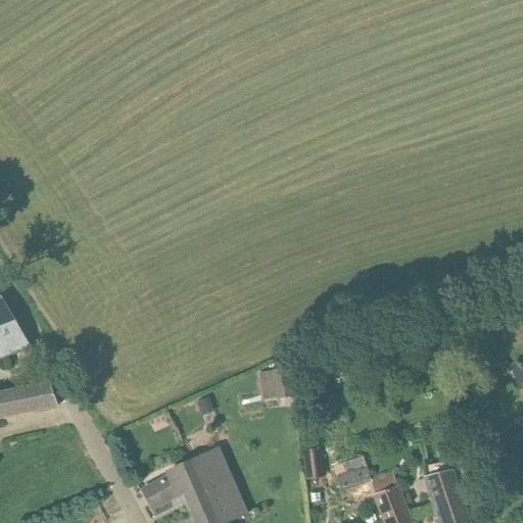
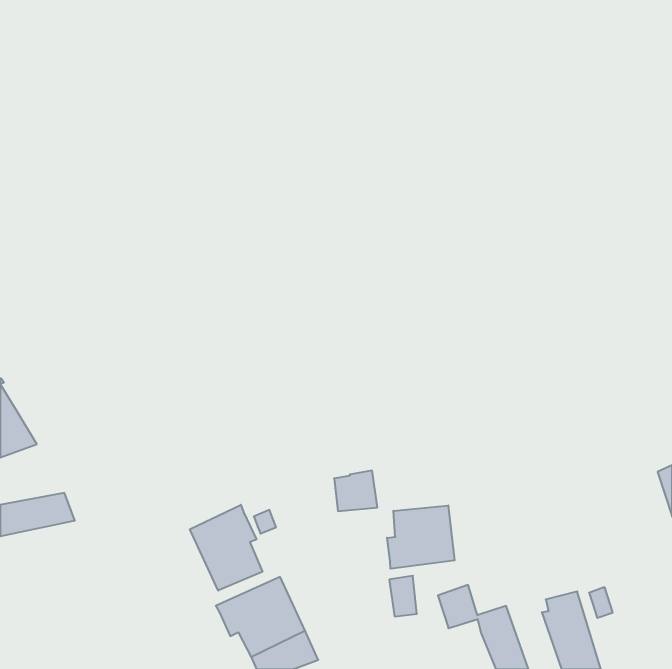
building: none -> [190,505,262,591]
building: none -> [387,505,455,569]
building: [142,476,179,509] -> none

